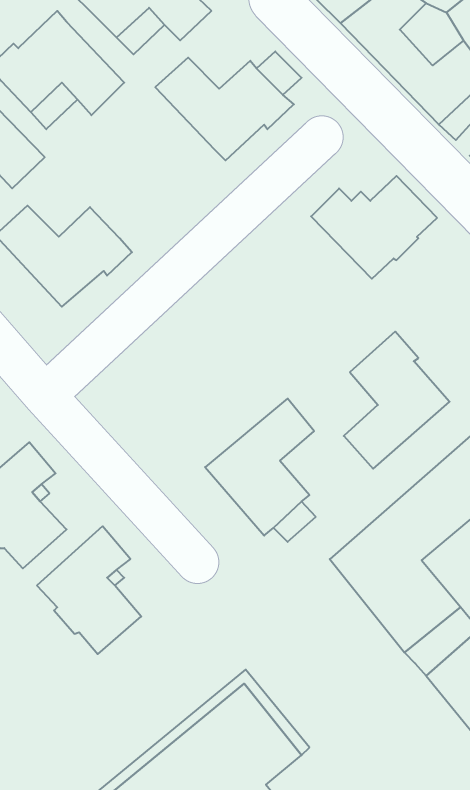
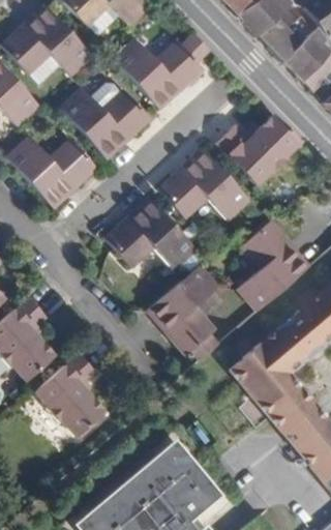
building: none -> [60,87,152,155]
building: none -> [159,149,250,220]
building: none -> [106,197,197,269]

